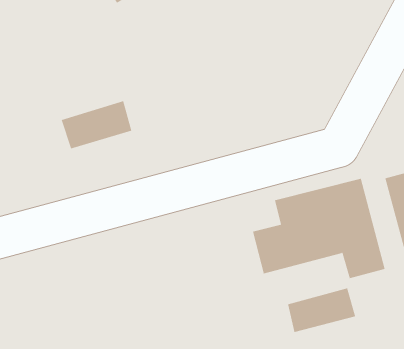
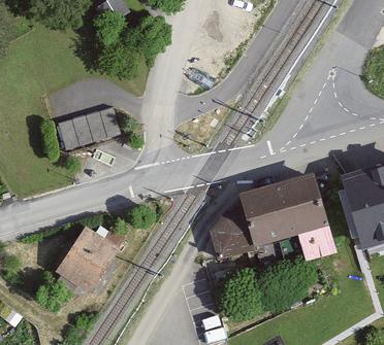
building: none -> [57,228,120,297]
building: [287,288,356,333] -> none

